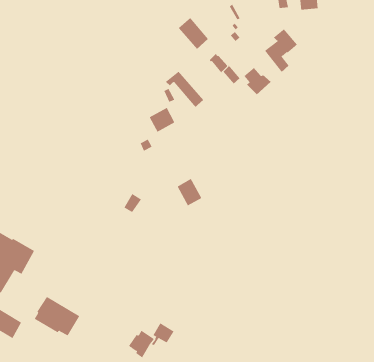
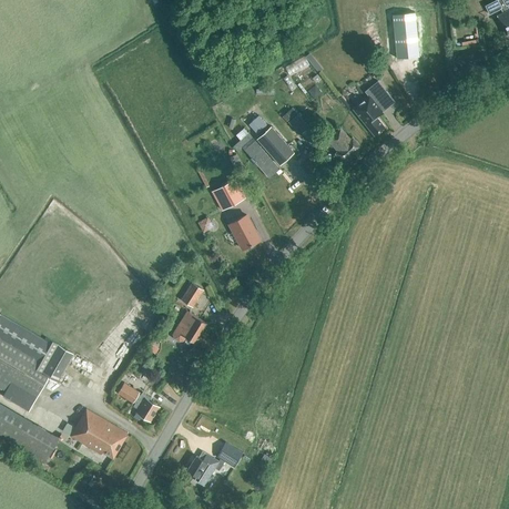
building: [178,17,209,50] -> [256,125,294,165]
building: [177,178,202,206] -> [228,214,259,248]
building: none -> [173,312,206,344]
building: none -> [116,383,159,424]

